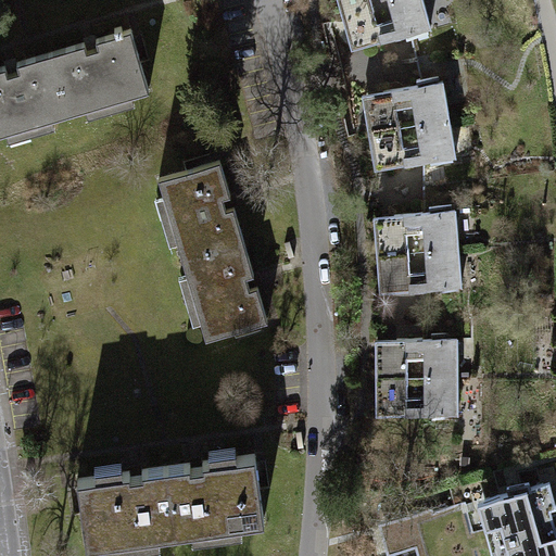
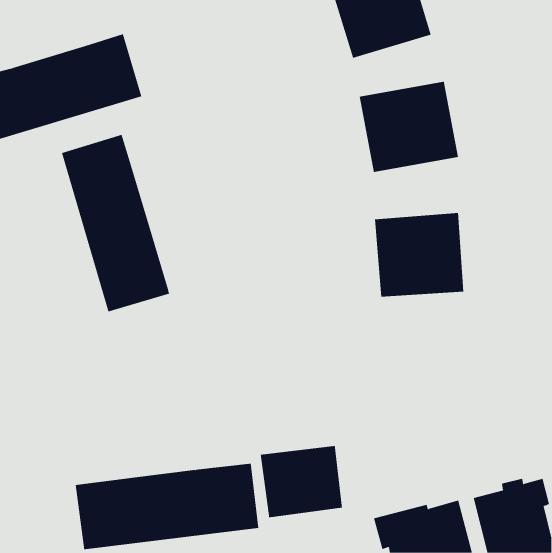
building: [157,165,266,343] -> [61,134,170,312]
building: [375,343,465,425] -> none
building: none -> [260,445,342,518]

